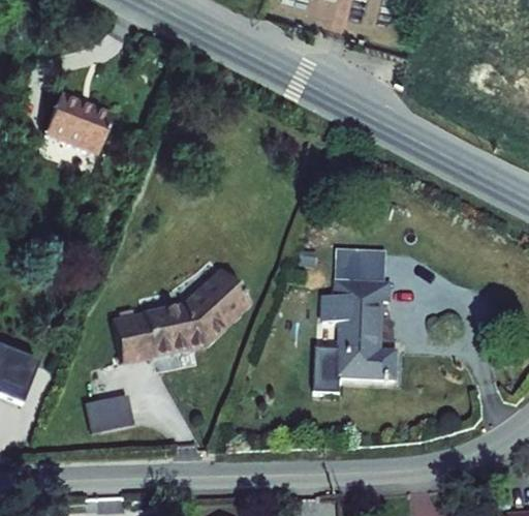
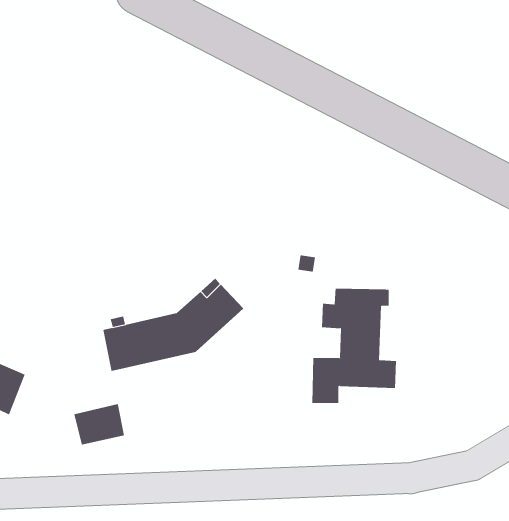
building: [44,93,114,155] -> none
building: [337,247,387,281] -> none

